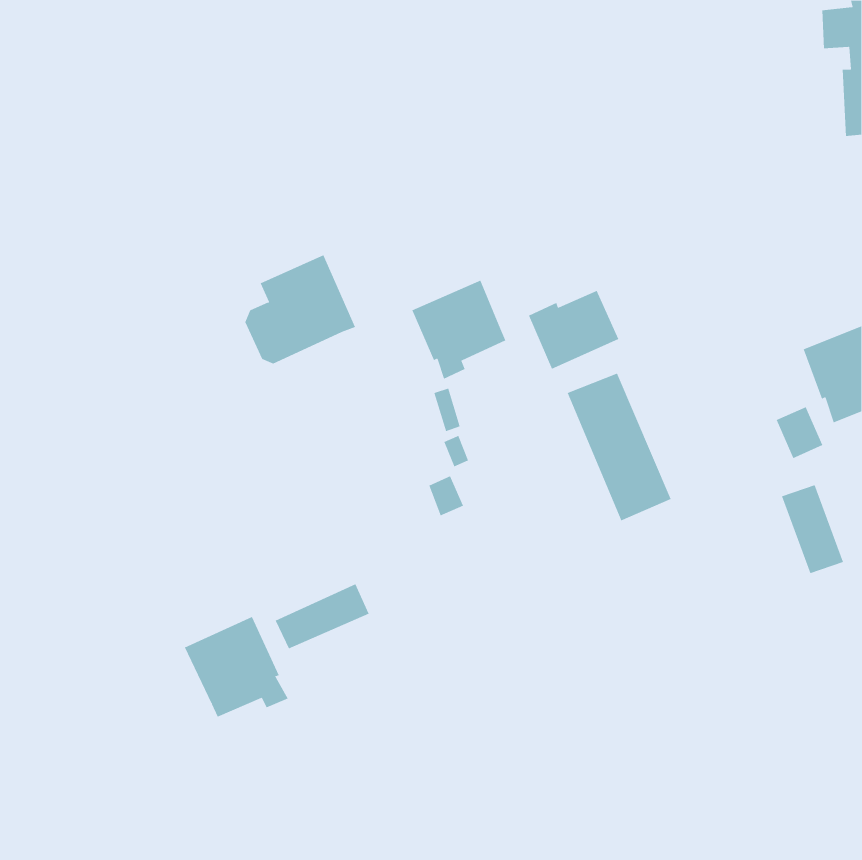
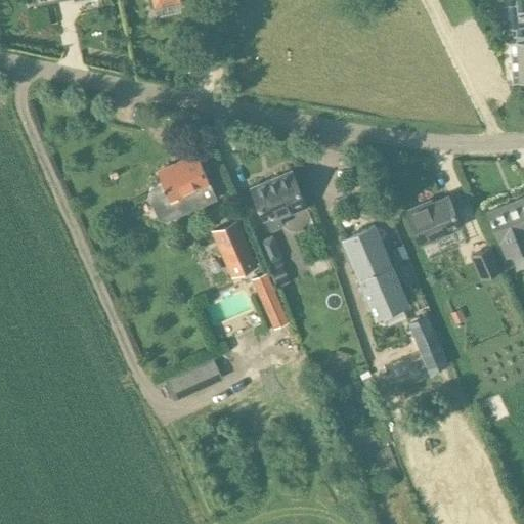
building: [528,290,619,370] -> [405,196,461,245]
building: none -> [211,220,257,277]
building: [781,484,844,574] -> [411,311,449,365]
building: [184,616,288,718] -> none

